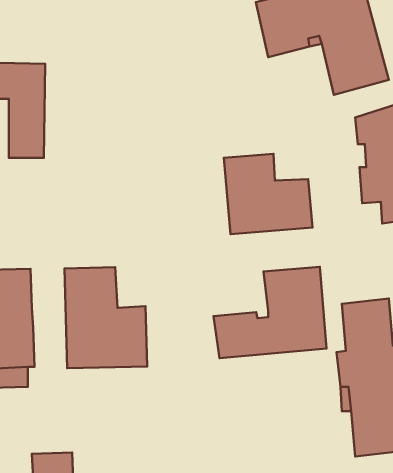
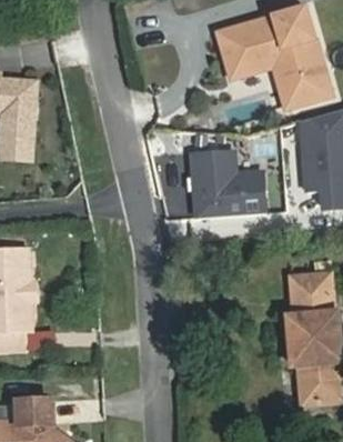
building: [214,267,327,358] -> none
building: [64,267,147,368] -> none

